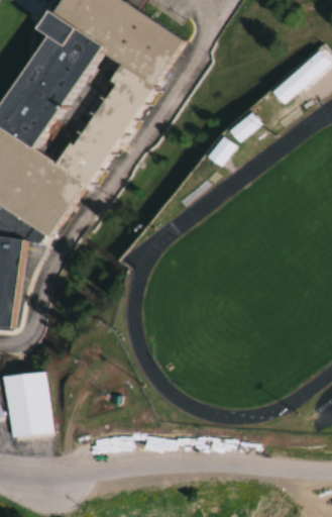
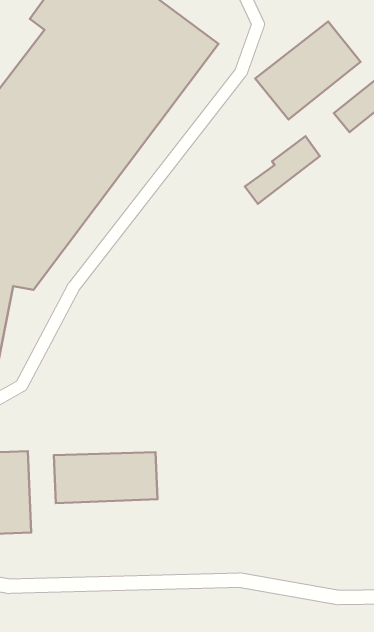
building: none -> [255,21,361,120]
building: none -> [54,452,157,503]

